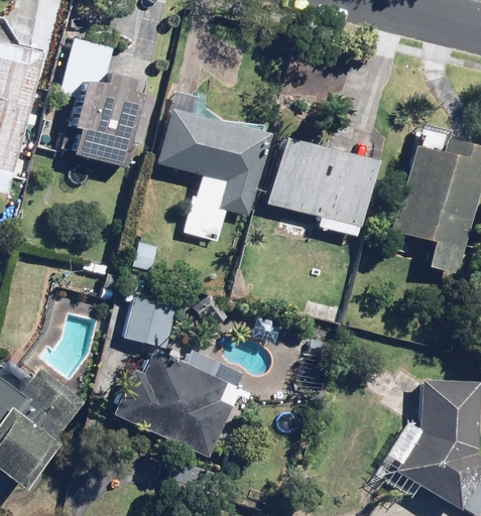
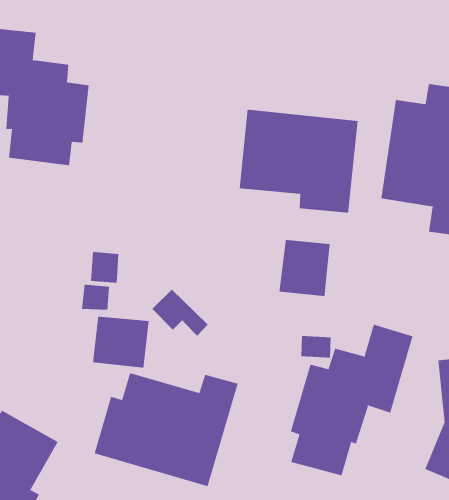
building: [156,92,271,239] -> none
building: none -> [279,239,330,297]
building: none -> [290,324,413,476]

